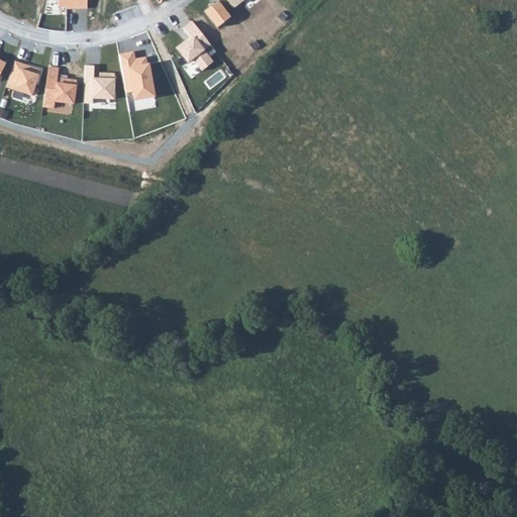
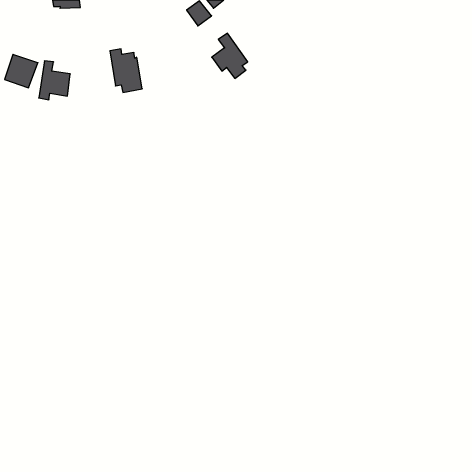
building: [177,21,216,71] -> [212,33,248,78]
building: [84,66,114,104] -> none

